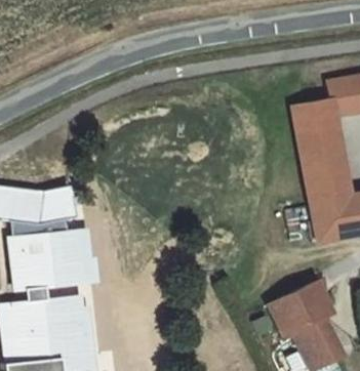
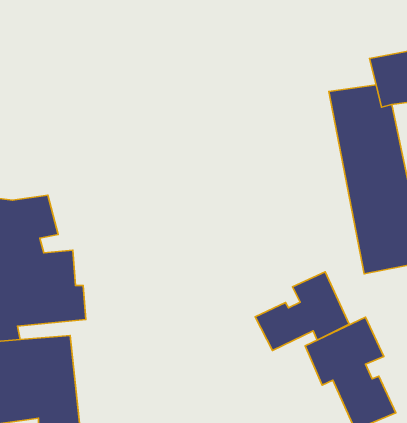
building: none -> [255,272,349,351]

